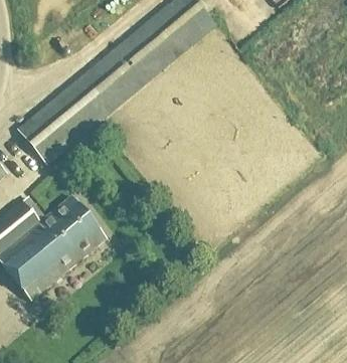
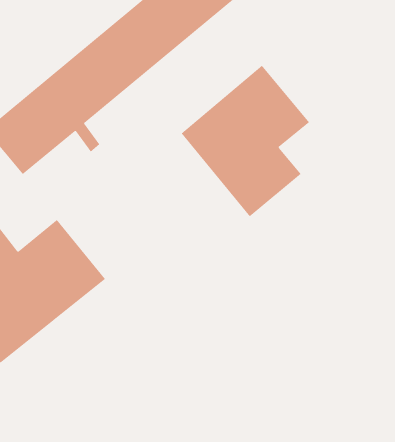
building: none -> [181,65,310,217]

